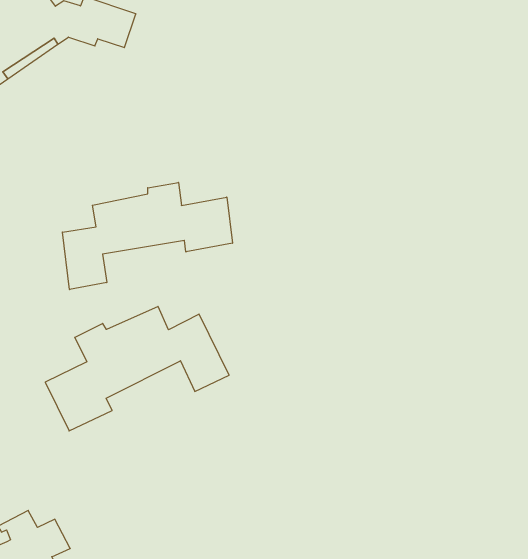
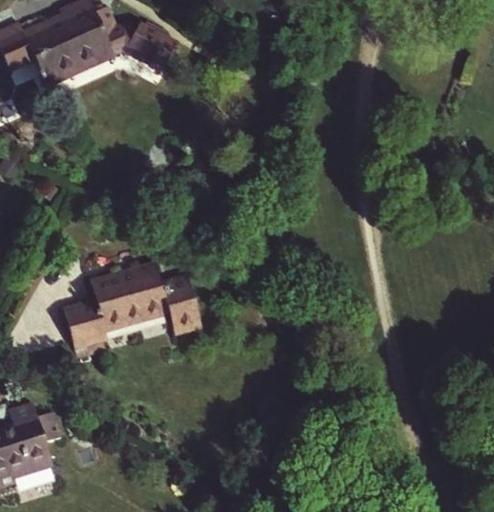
building: [62,182,232,290] -> none

